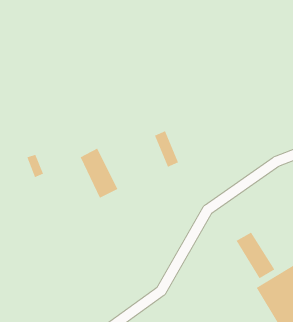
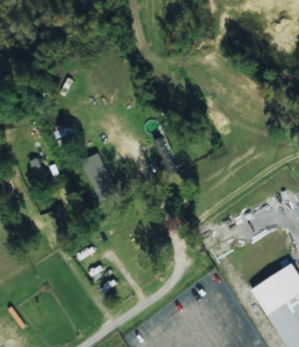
building: [236,232,275,279] -> none

